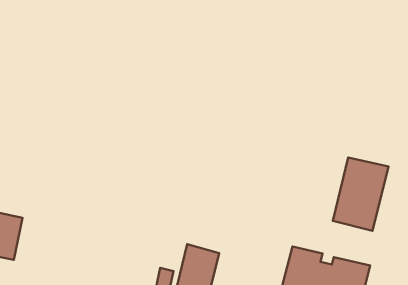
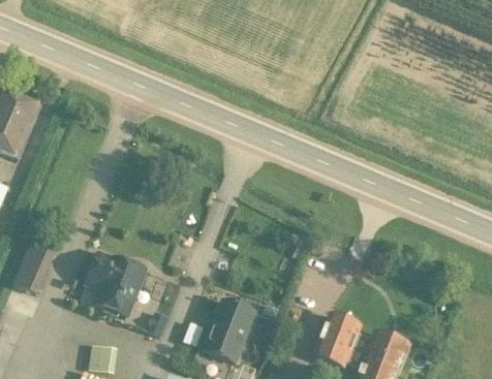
building: [333,158,389,231] -> none
building: none -> [86,251,145,314]

